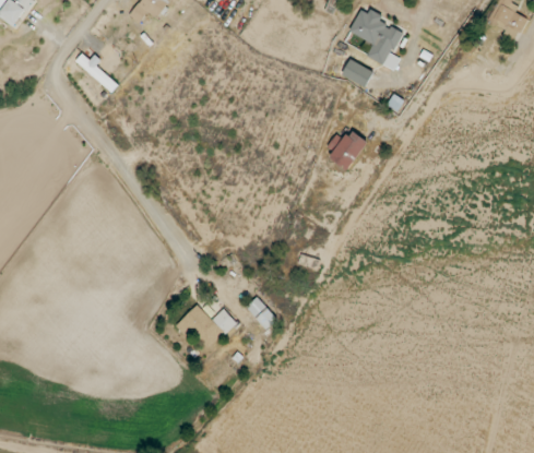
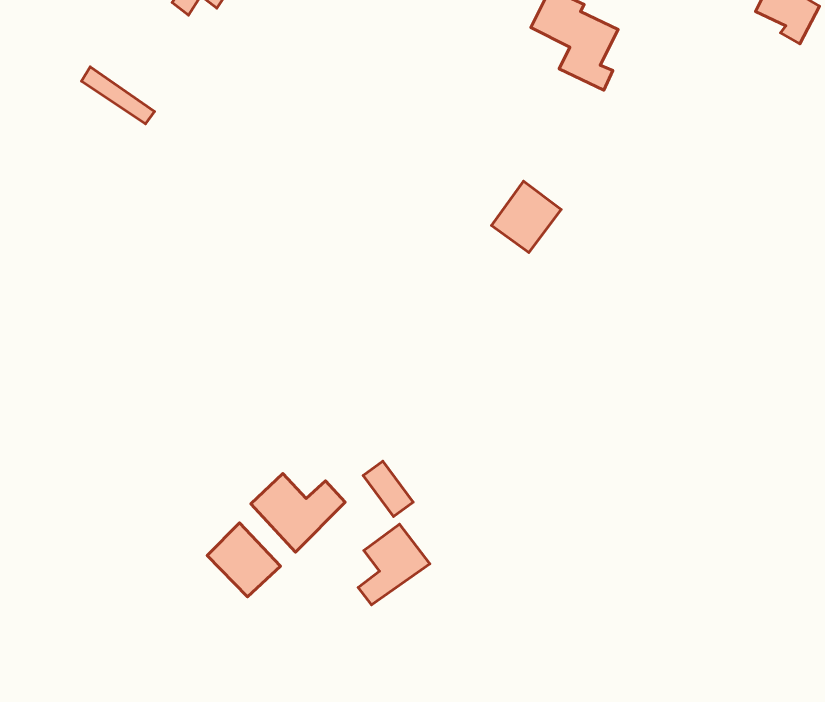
building: [342,59,373,86] -> none
building: none -> [207,523,280,597]
building: none -> [358,524,430,605]

